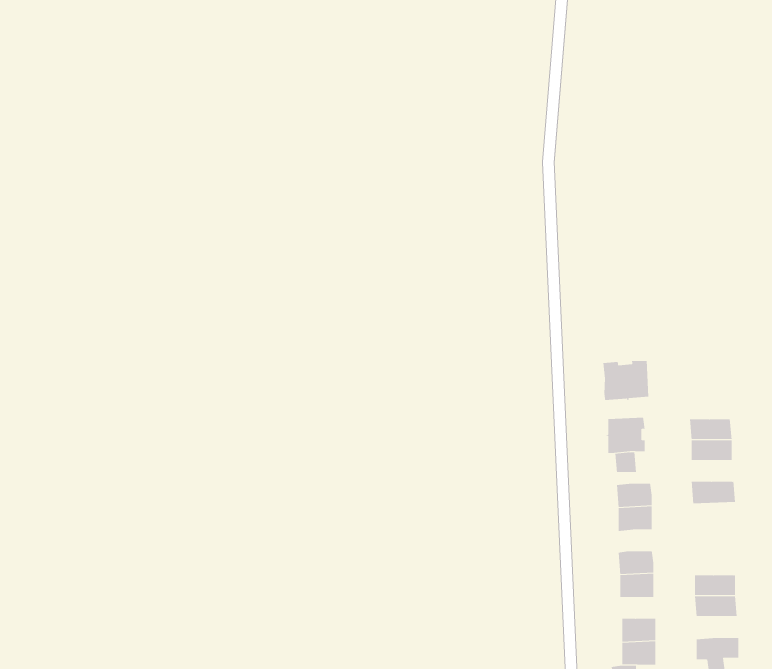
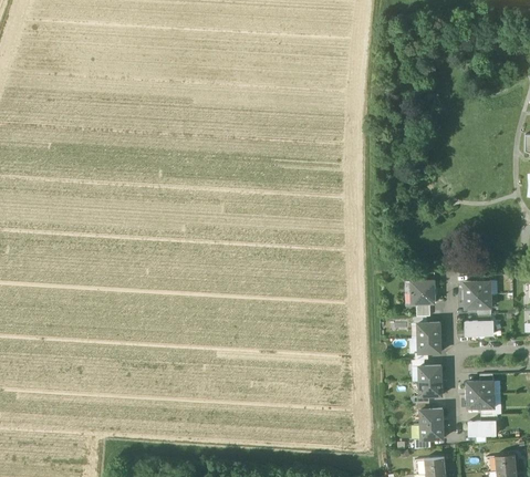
building: [603,360,649,401] -> none

